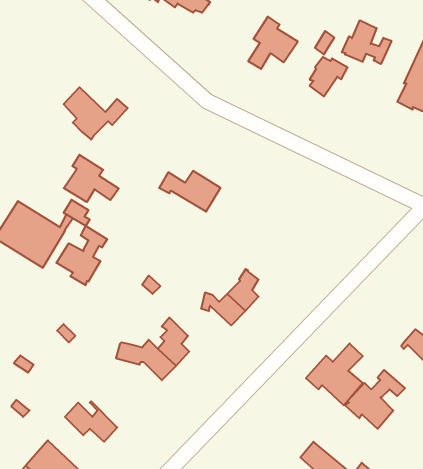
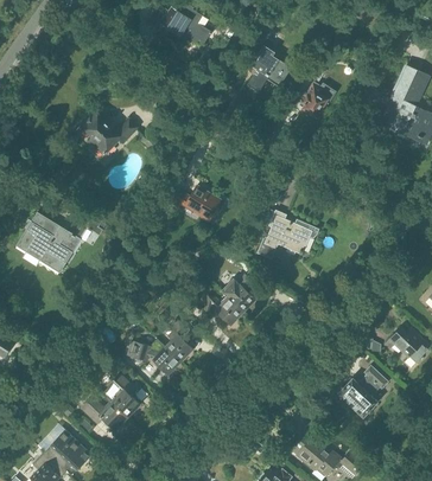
building: [342,20,391,64] -> none
building: [64,155,119,202] -> none
building: none -> [256,211,317,258]
building: [56,226,107,285] -> none
building: [306,343,363,405] -> none
building: none -> [103,376,139,417]

